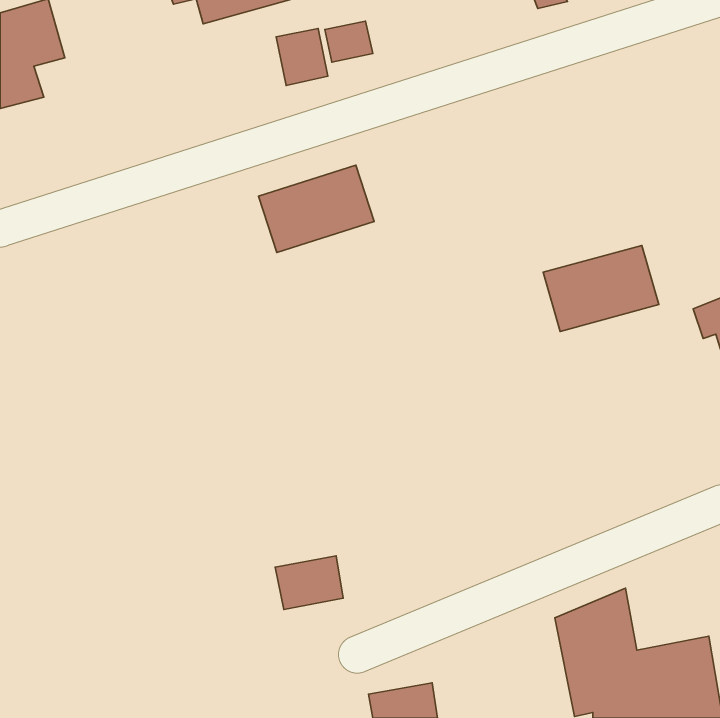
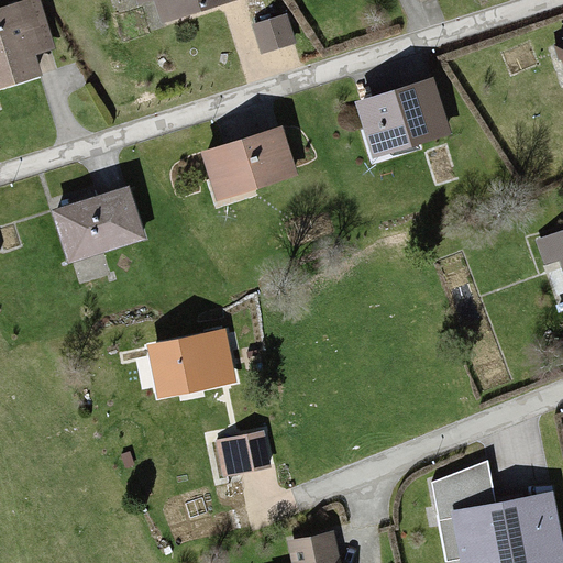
building: [276,29,328,85] -> none
building: none -> [52,189,143,263]
building: [543,245,659,331] -> [357,80,448,147]
building: none -> [150,334,232,389]

